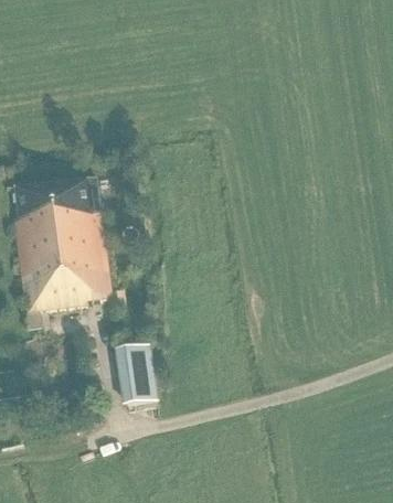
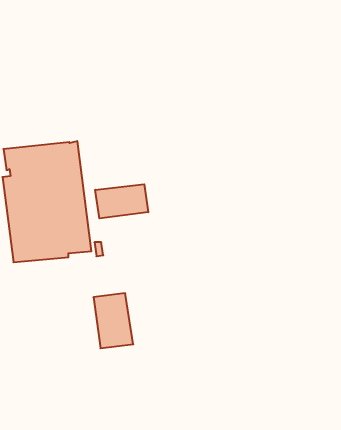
building: none -> [95,184,148,218]

